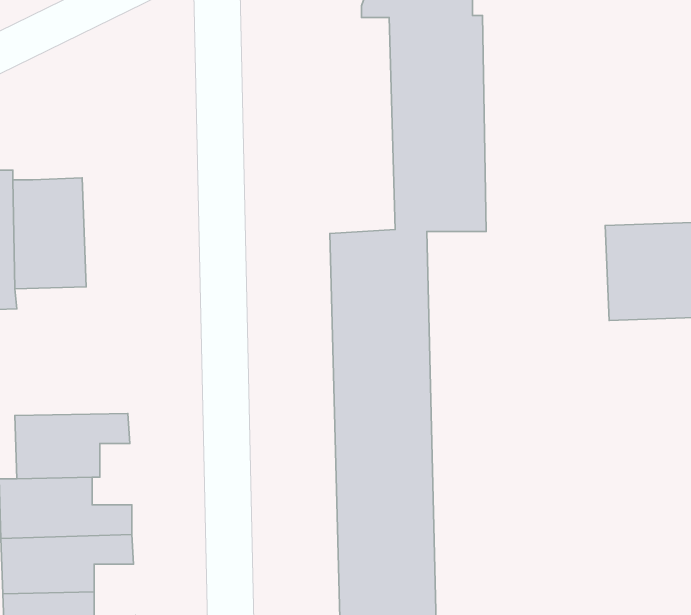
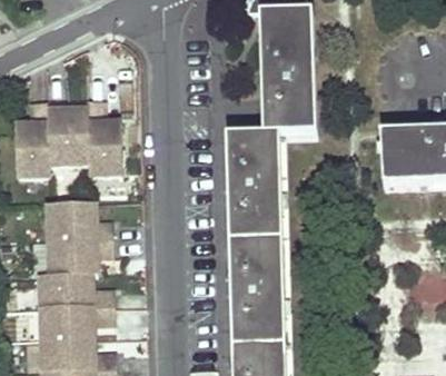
building: none -> [87,100,122,179]
building: none -> [48,204,112,240]

